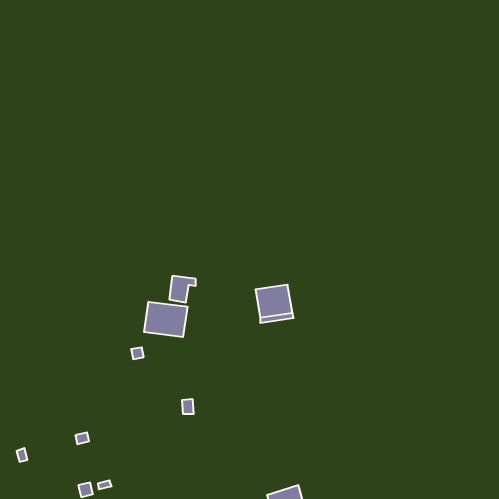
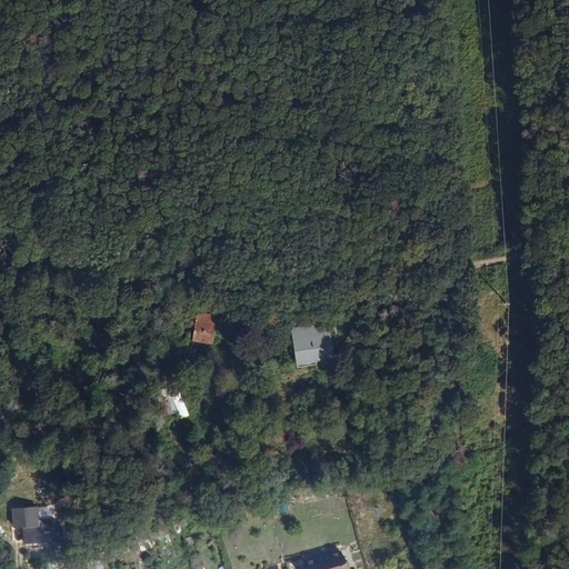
building: [144,302,187,337] -> none
building: none -> [22,521,62,543]

